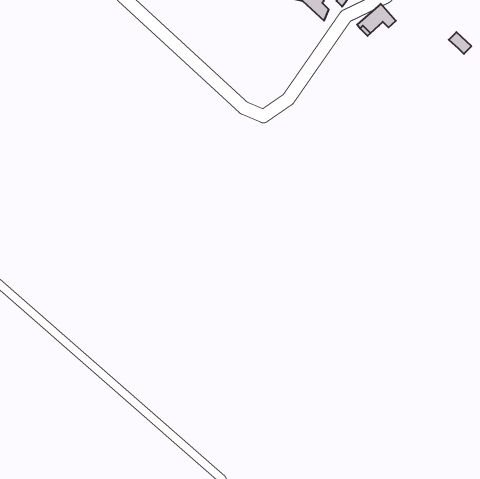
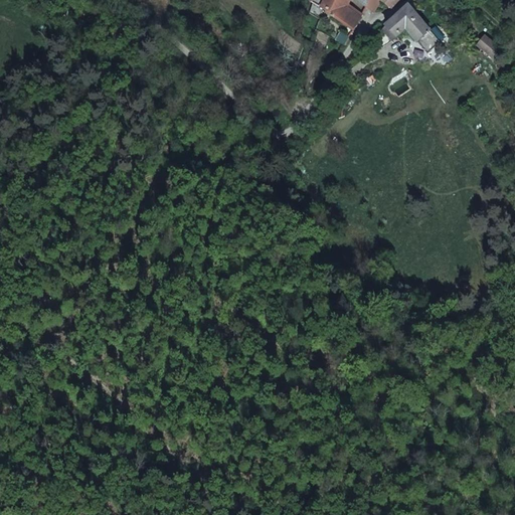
building: none -> [403,22,438,50]

